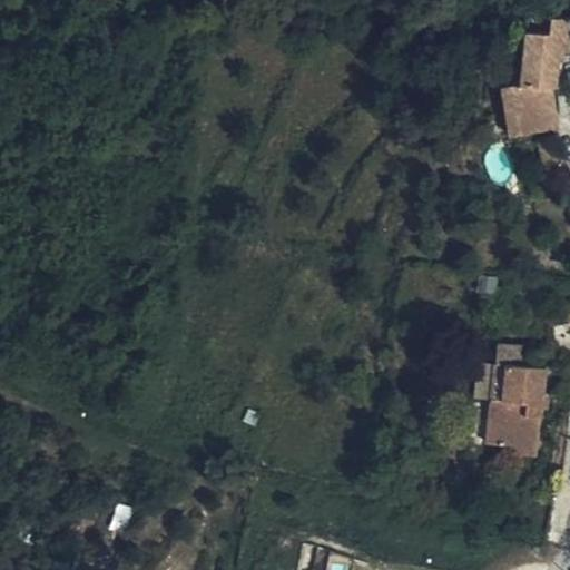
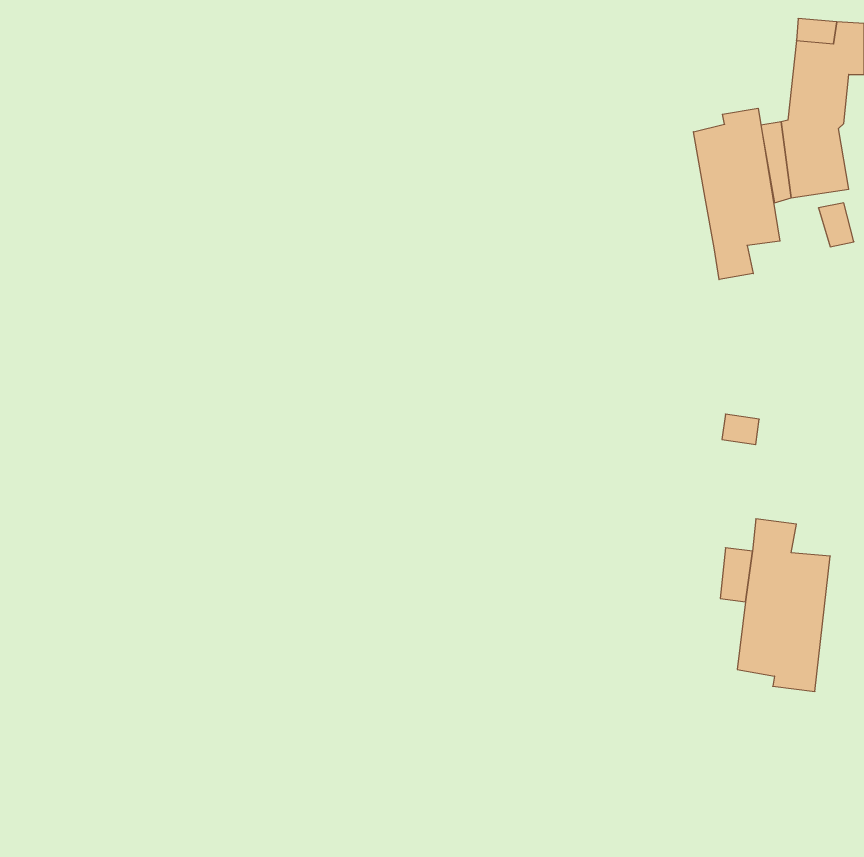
building: none -> [693,108,780,280]

